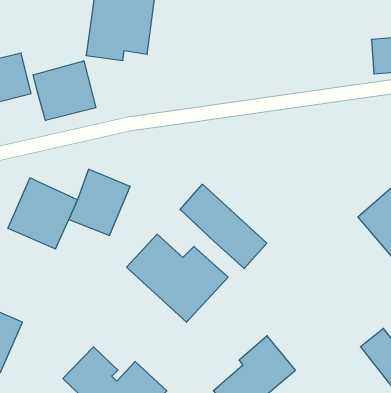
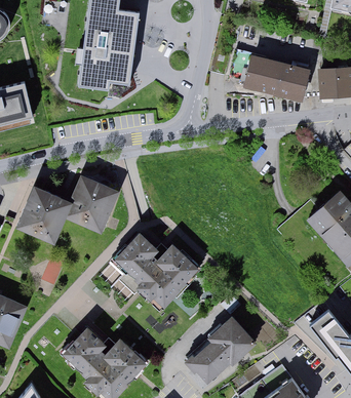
building: none -> [242,53,310,103]
building: [33,61,96,121] -> none
building: [180,184,267,269] -> none

